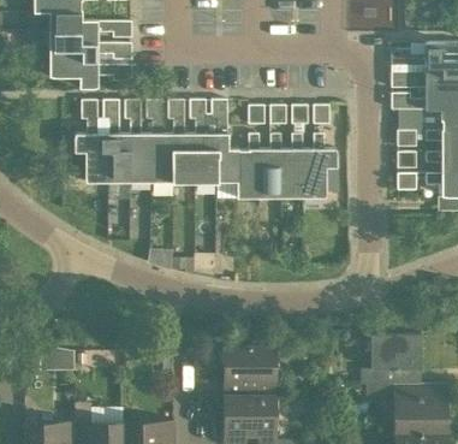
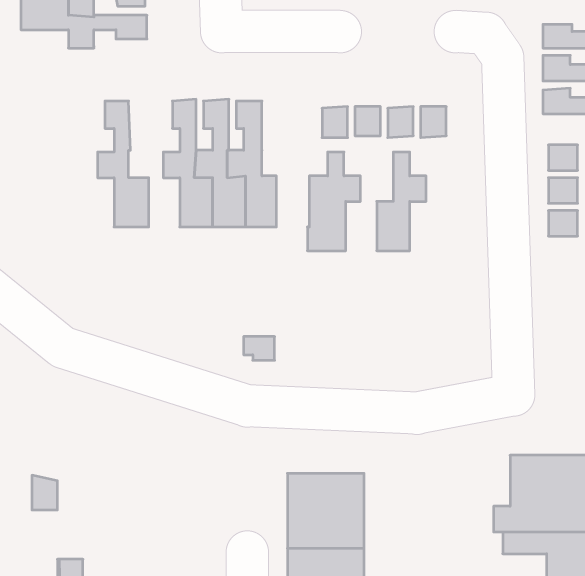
building: [48,54,131,89] -> none
building: [75,100,109,184] -> none
building: [119,101,153,184] -> none
building: [207,101,238,184] -> none
building: [262,135,293,200] -> none
building: [304,136,338,201] -> none

